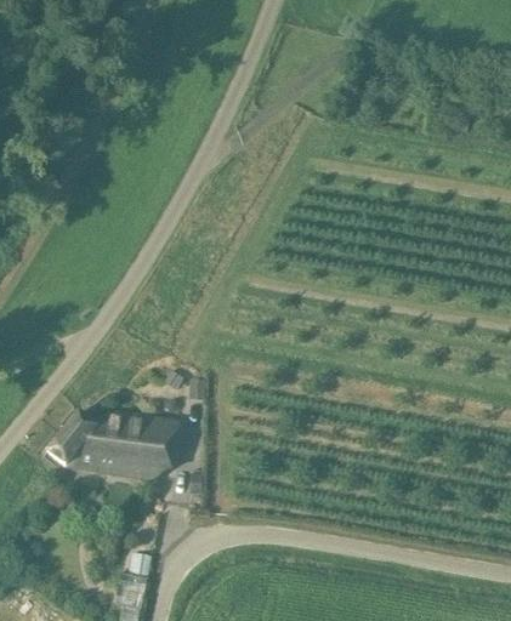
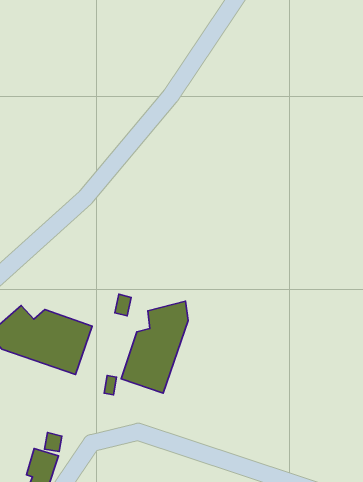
building: none -> [121,301,188,393]

